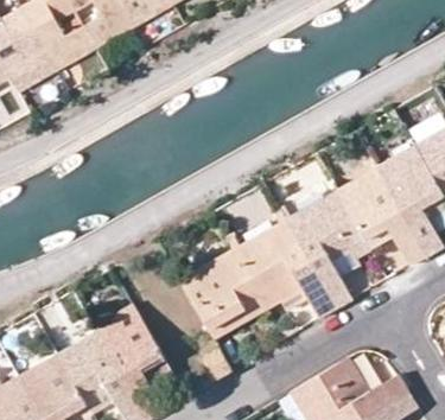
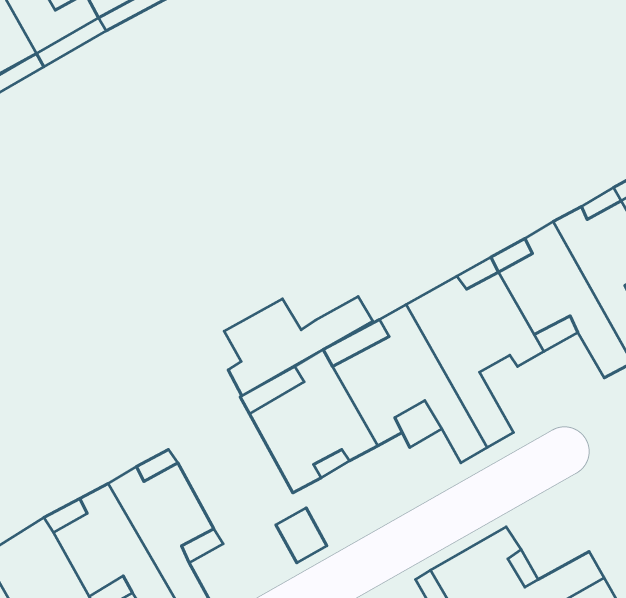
building: none -> [224,297,373,396]

